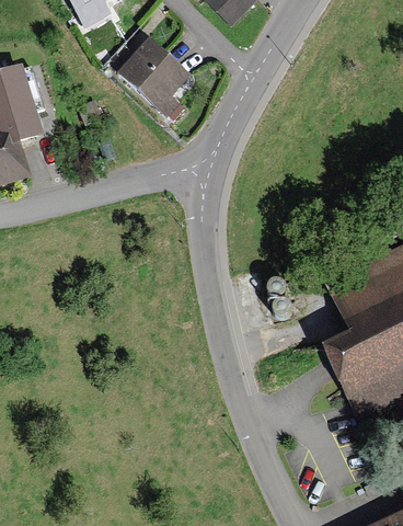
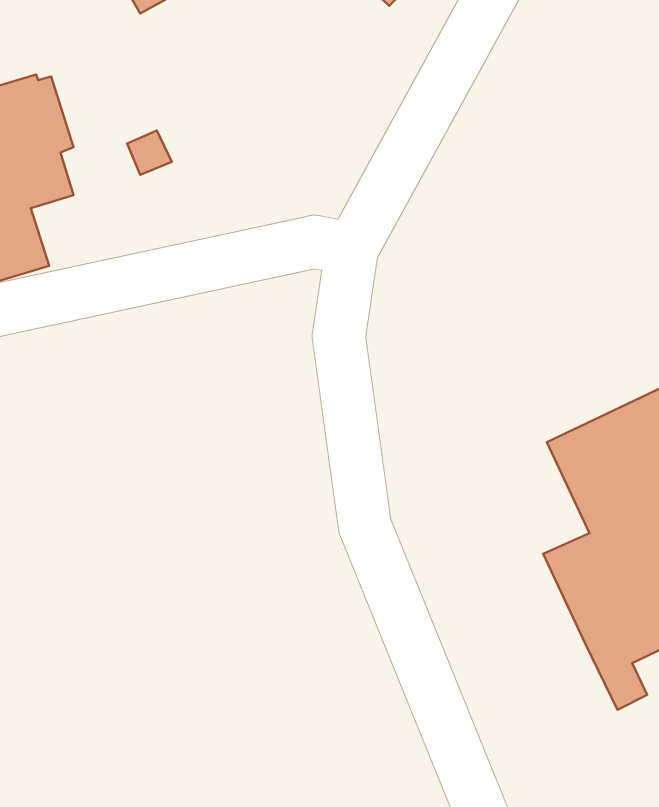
building: [118,37,192,116] -> none

